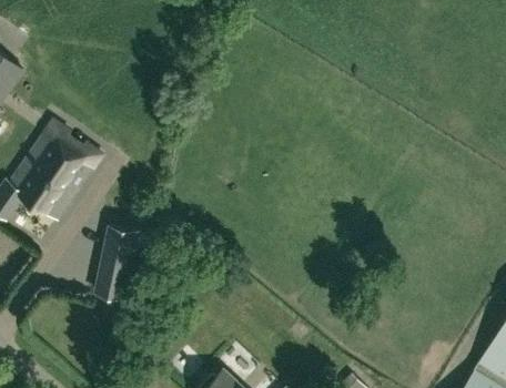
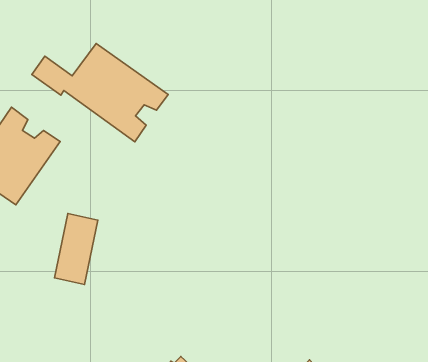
building: none -> [32,44,168,142]

